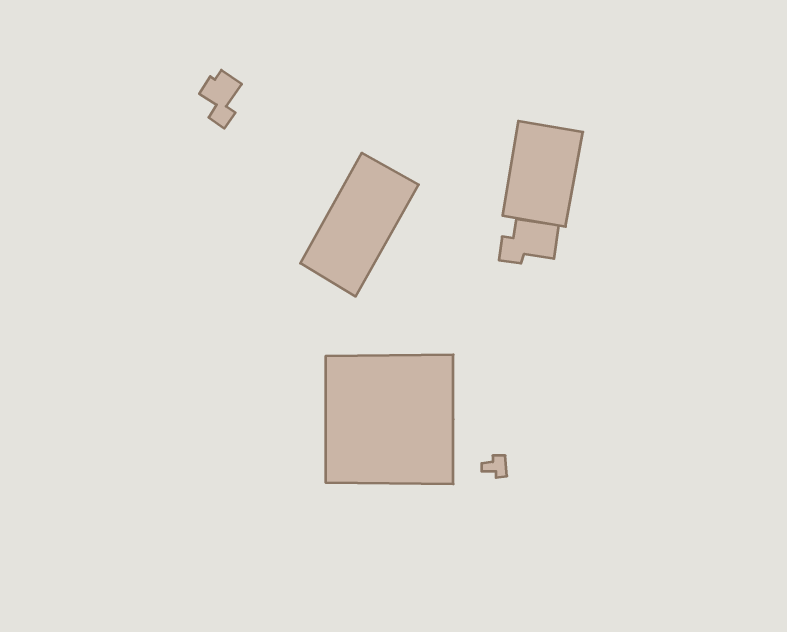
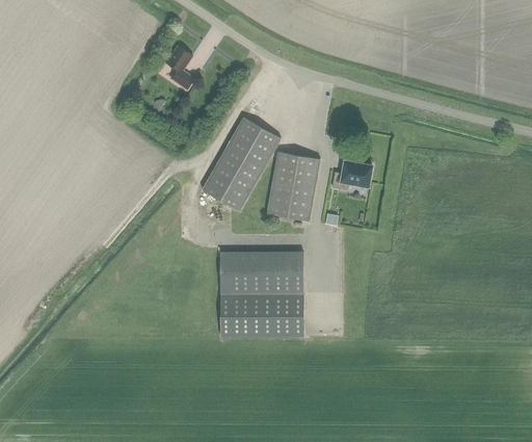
building: [199,70,242,128] -> [163,47,191,85]
building: [503,121,583,227] -> [267,152,320,222]

